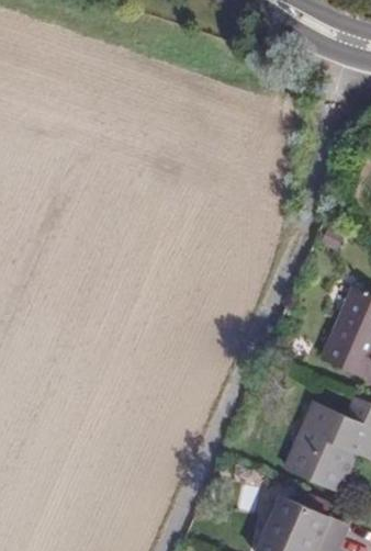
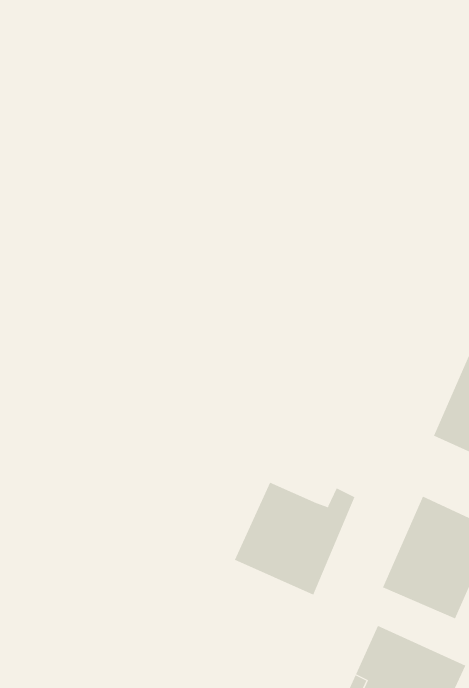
building: none -> [234,482,355,595]

